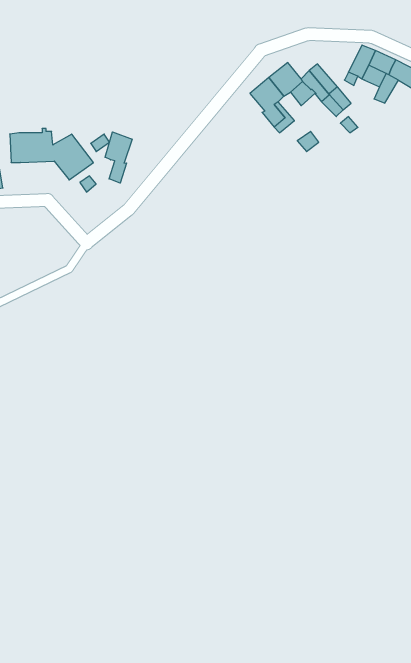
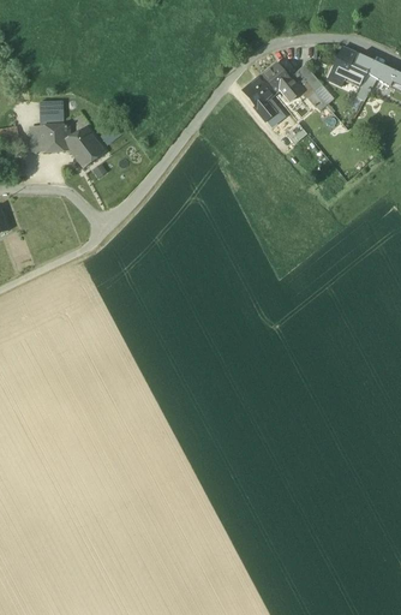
building: none -> [38,100,64,125]
building: [105,132,132,183] -> none

